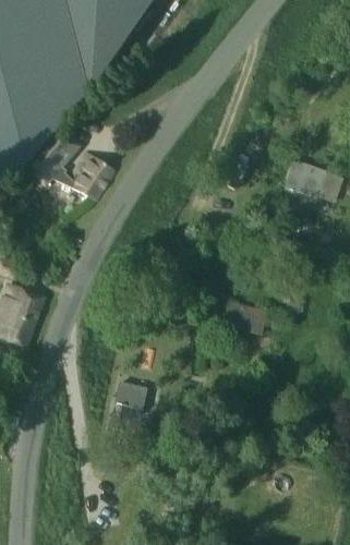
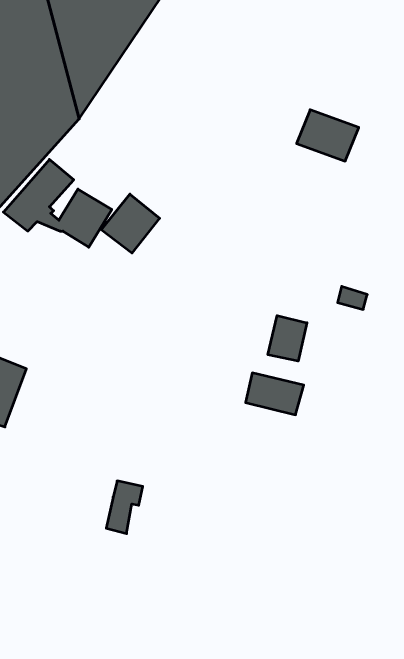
building: none -> [101,194,160,253]
building: [281,158,331,199] -> [297,110,359,161]
building: none -> [268,316,307,361]

